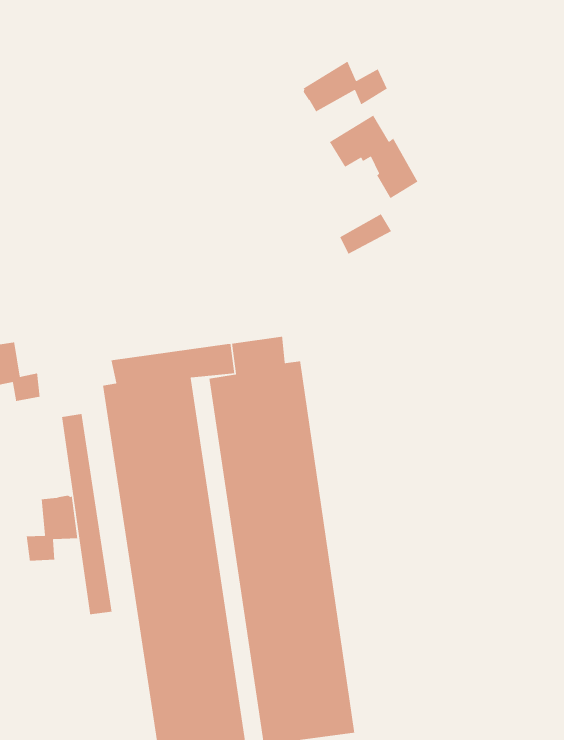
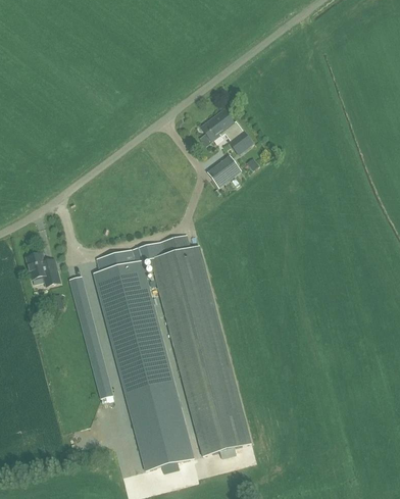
building: [302,61,388,112] -> none
building: [26,495,78,562] -> none

